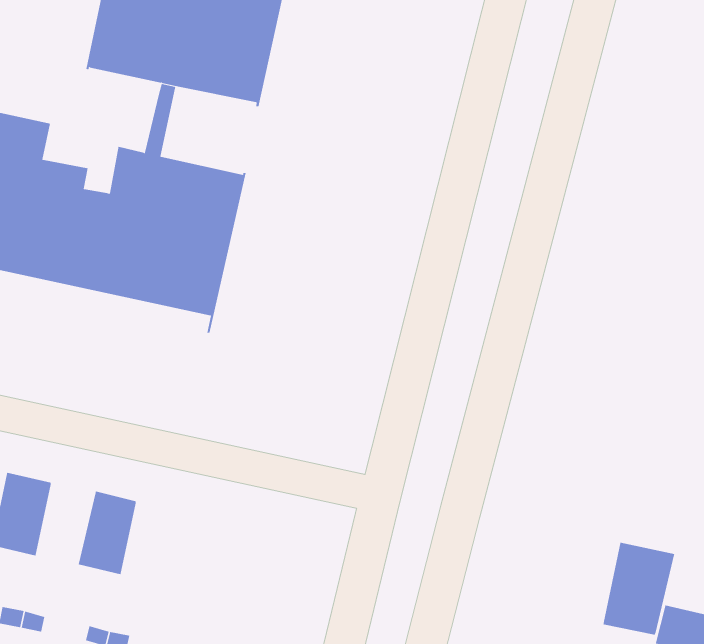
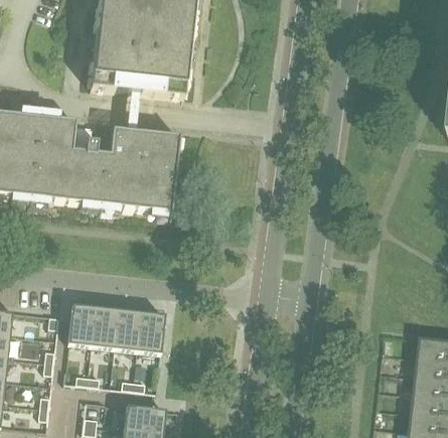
building: none -> [91,305,118,346]
building: none -> [136,310,164,351]
building: [602,542,675,636] -> none

